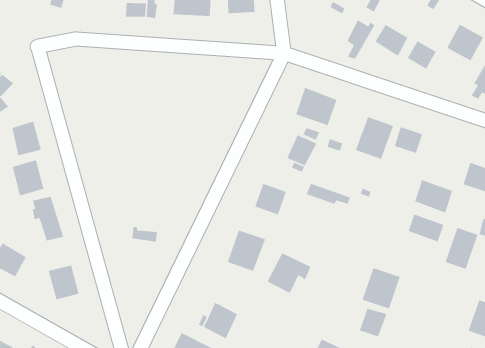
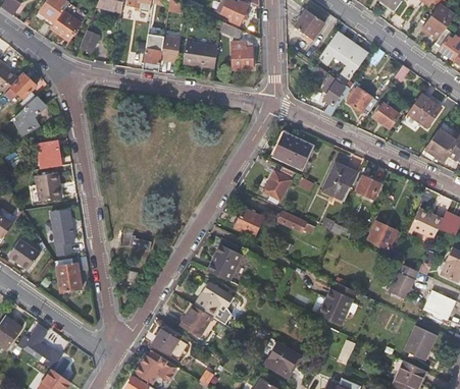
building: [407,213,445,242] -> none
building: [267,252,311,293] -> [195,282,234,317]
building: [359,308,387,337] -> none

